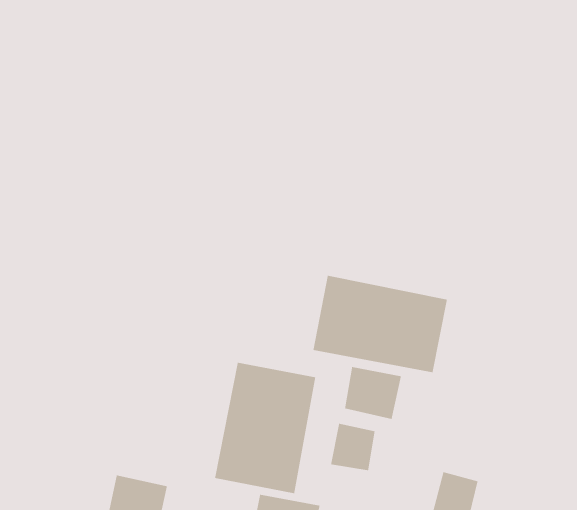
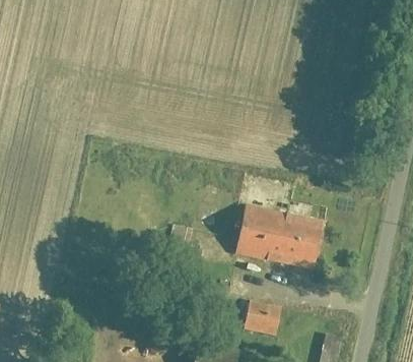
building: [214,362,316,494] -> none
building: [344,366,402,420] -> none

